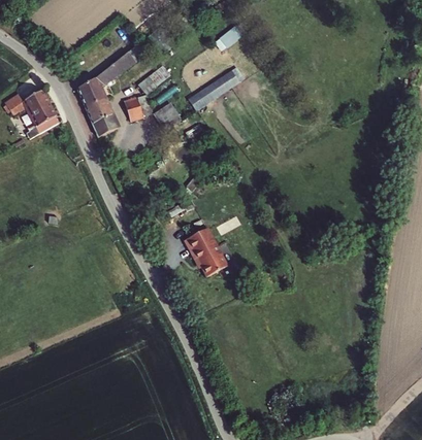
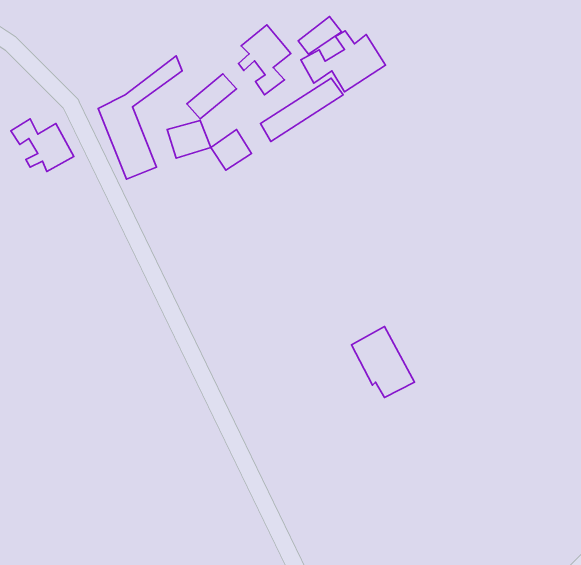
building: none -> [238,25,291,95]
building: none -> [301,31,385,92]
building: [184,228,227,276] -> [351,327,415,397]

